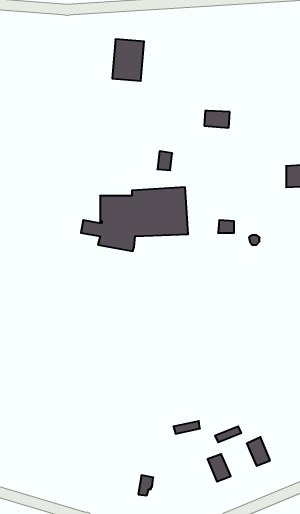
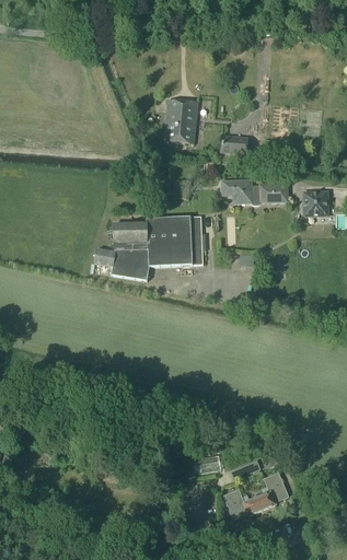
building: [112,39,144,81] -> [165,98,198,141]
building: none -> [223,179,287,203]
building: none -> [242,486,277,515]

